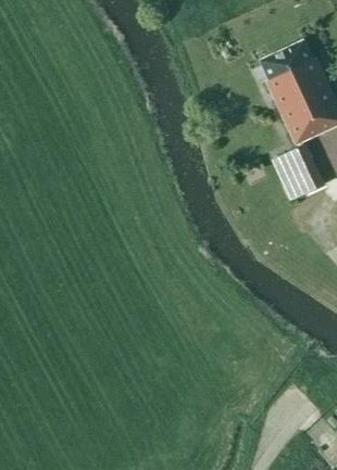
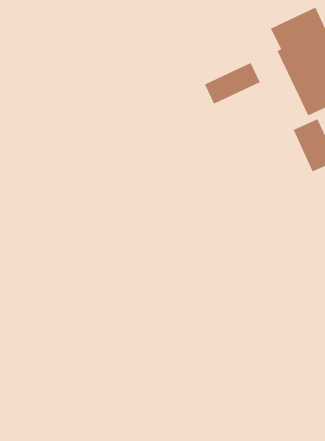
building: none -> [204,62,261,104]

